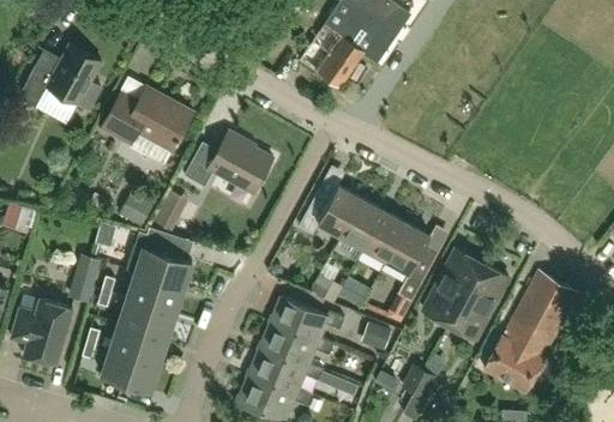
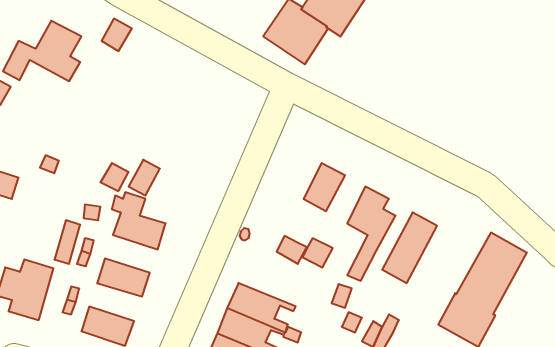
building: [101,86,194,152] -> none
building: [183,131,273,194] -> none
building: [299,185,359,235] -> none
building: [363,210,405,261] -> none
building: [450,264,508,339] -> none
building: [127,273,183,314] -> none
building: [270,297,344,350] -> none
building: [110,325,167,366] -> none

